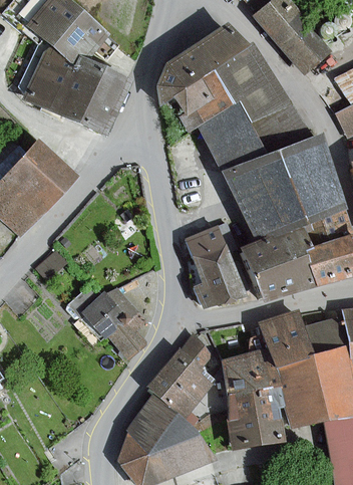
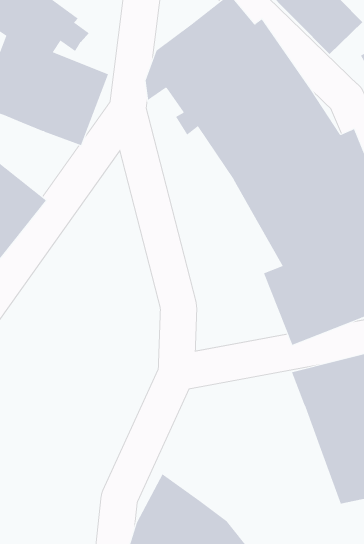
building: [188,228,241,307] -> none
building: [70,281,151,367] -> none
building: [145,335,218,420] -> none
building: [221,348,284,447] -> none

